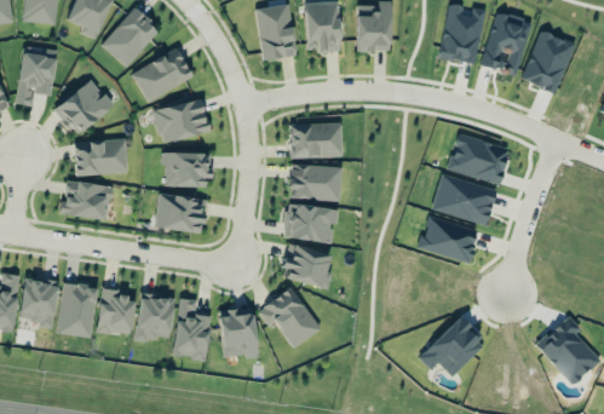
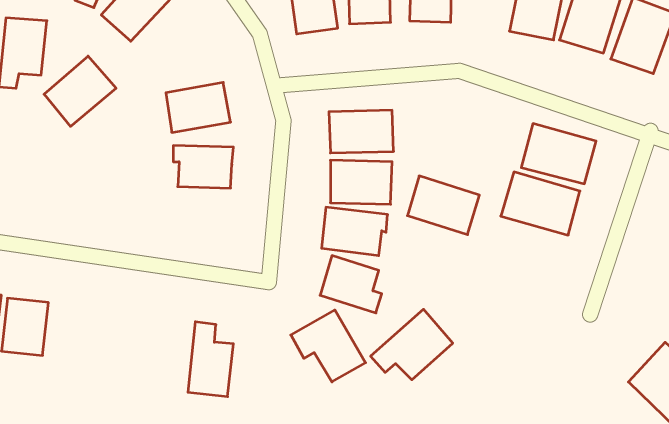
building: [132,48,192,103] -> none
building: [75,139,127,176] -> none
building: [59,180,110,219] -> none
building: [154,194,207,235] -> none
building: [419,215,478,264] -> [407,176,479,235]
building: [57,283,97,338] -> none
building: [97,289,134,335] -> none
building: [136,294,174,343] -> none
building: [219,309,258,358] -> none
building: [418,318,485,376] -> [371,309,453,380]

